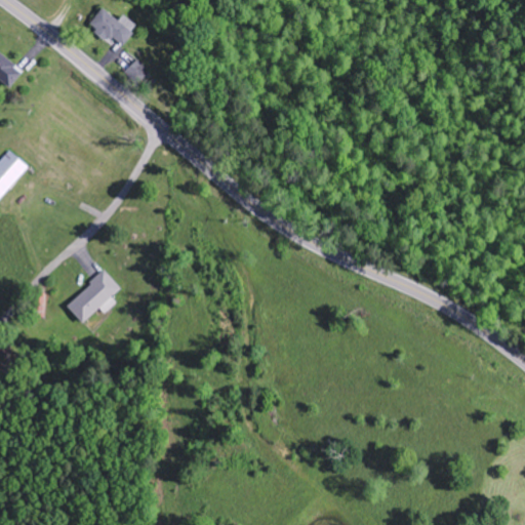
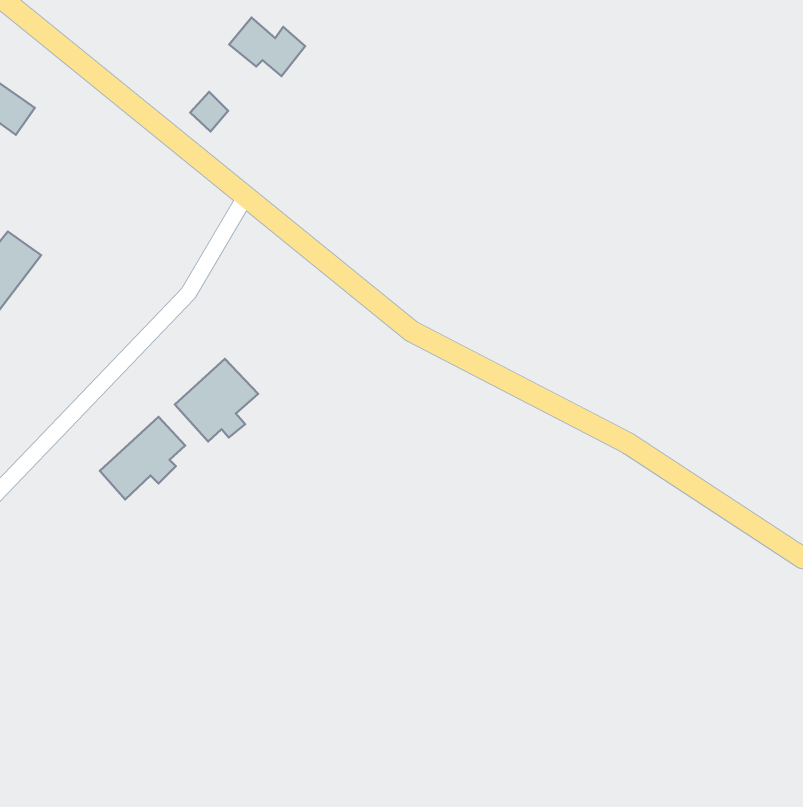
building: [88,8,137,46] -> [229,17,305,76]
building: none -> [175,359,258,442]

